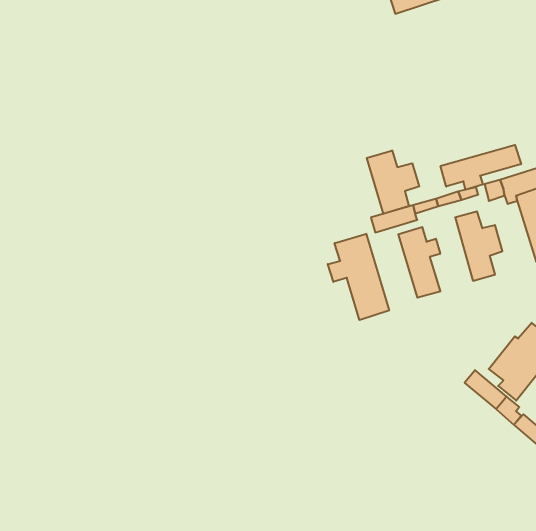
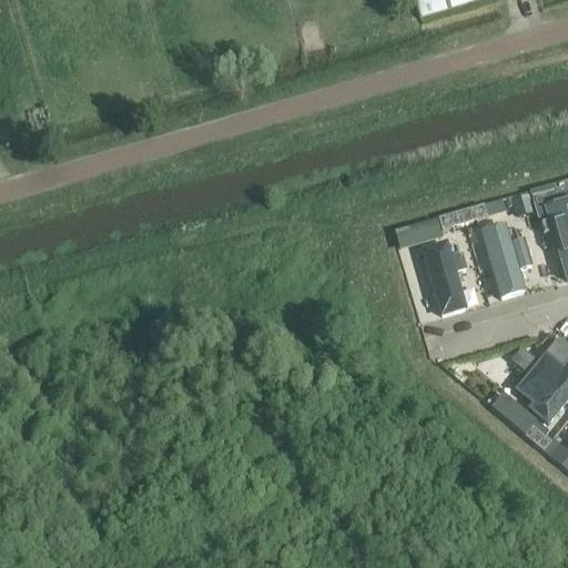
building: [441,145,521,190] -> none
building: [367,150,419,214] -> none
building: [328,234,389,320] -> none

